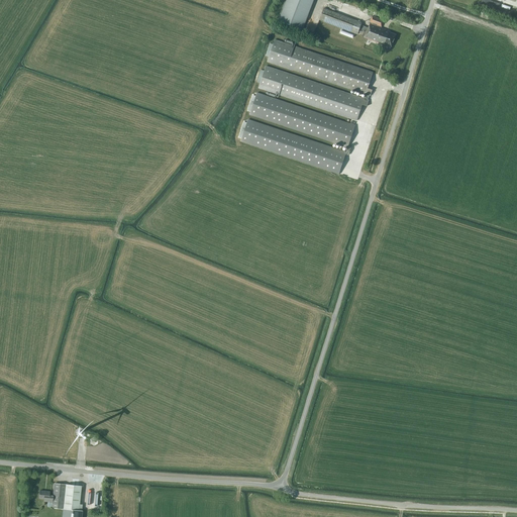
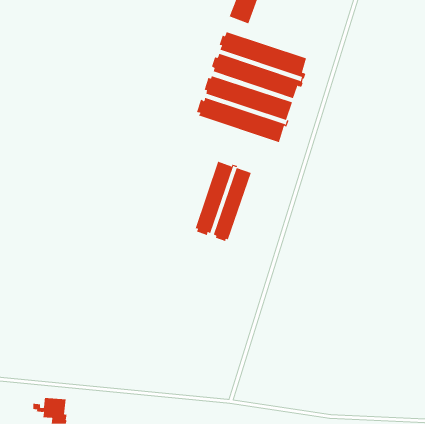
building: [319,7,396,45] -> none
building: none -> [195,161,252,242]

